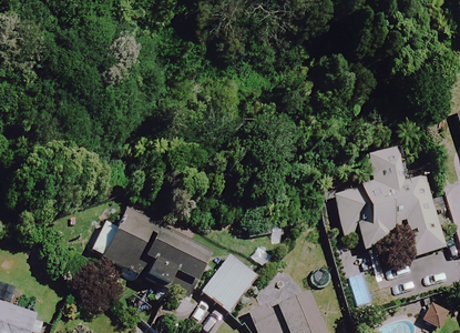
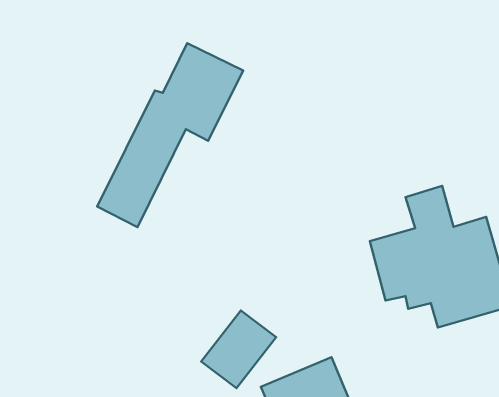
building: none -> [97,43,243,227]
building: [91,209,212,286] -> none

